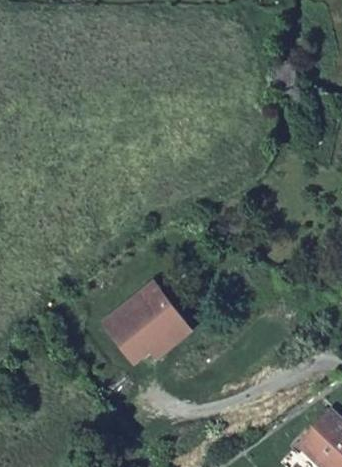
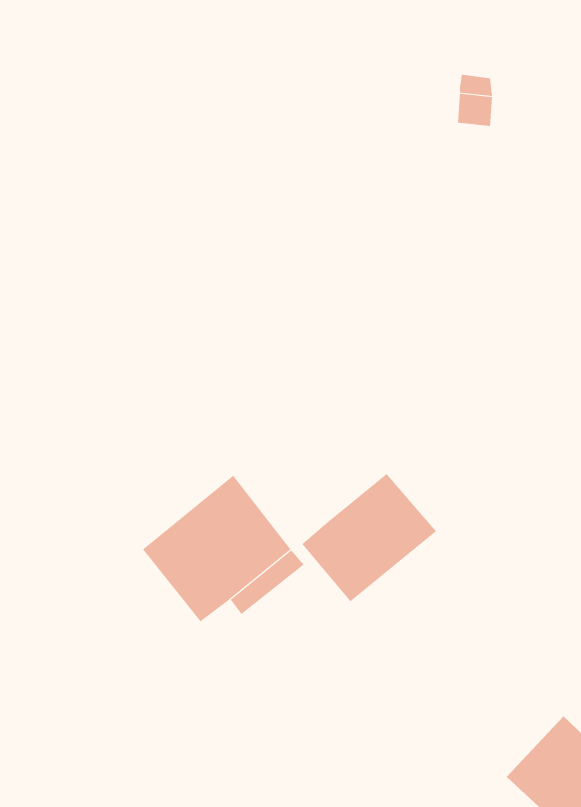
building: none -> [301,473,437,602]

